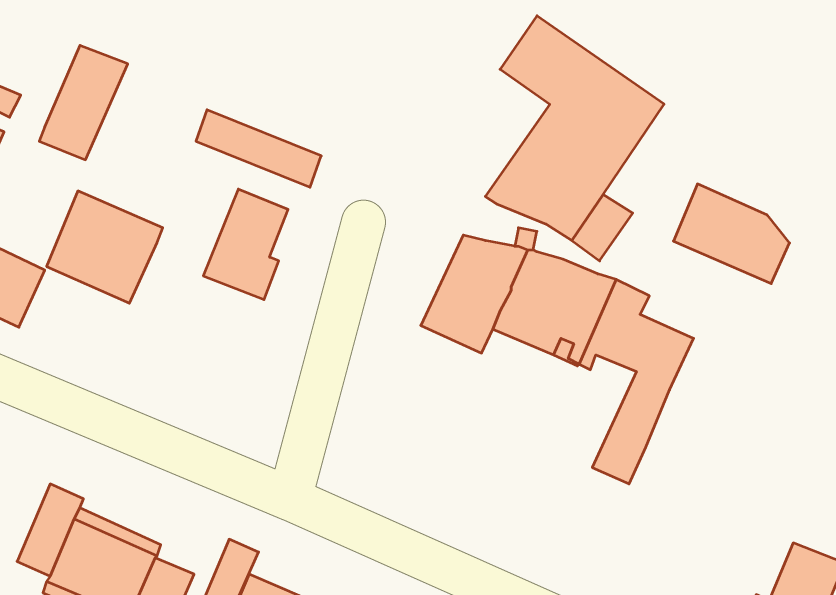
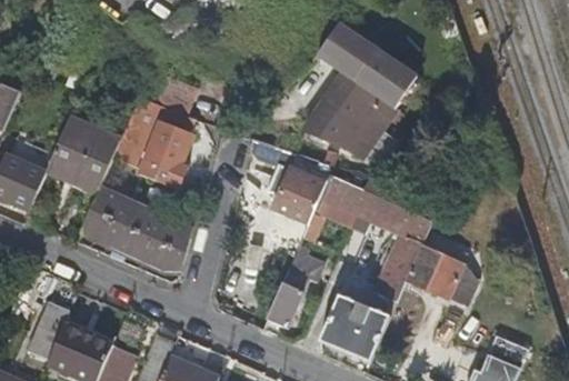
building: [39,45,128,160] -> [112,99,166,168]
building: [673,184,790,284] -> [407,245,477,305]
building: none -> [81,189,191,267]
building: none -> [264,243,325,328]
building: none -> [318,295,390,363]

